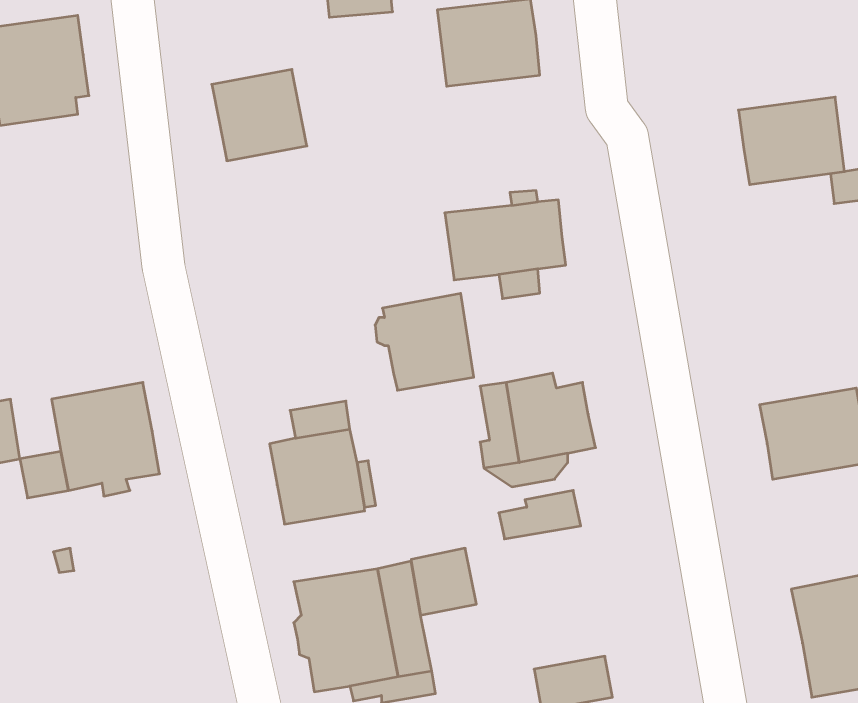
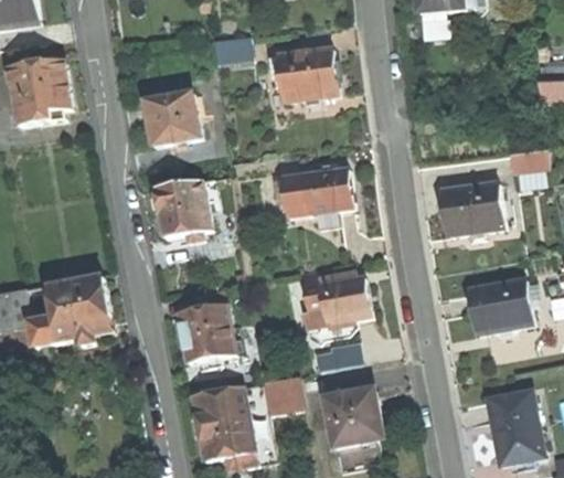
building: [738,97,845,185] -> [439,182,502,234]
building: [375,293,474,390] -> [150,178,209,235]
building: none -> [323,389,382,446]

